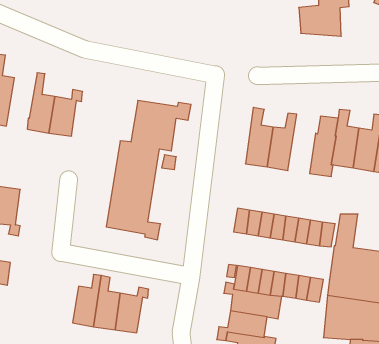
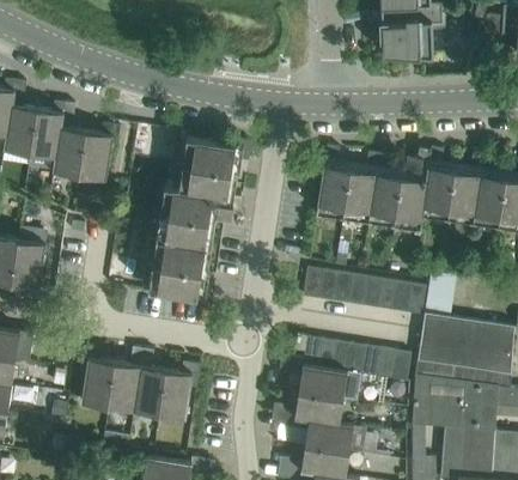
building: none -> [26,103,63,172]
building: none -> [367,154,401,226]
building: none -> [80,347,114,407]

